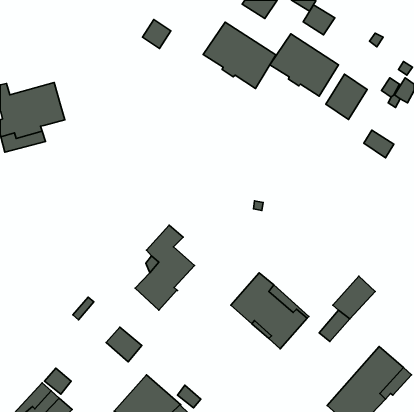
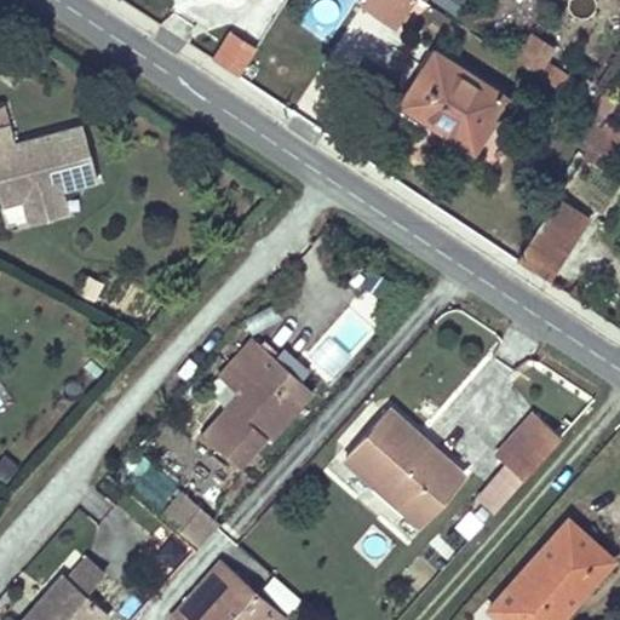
building: [303,5,335,35] -> [506,30,553,75]
building: [203,22,276,88] -> none
building: [326,74,367,120] -> [515,216,576,283]
building: none -> [259,357,312,441]

